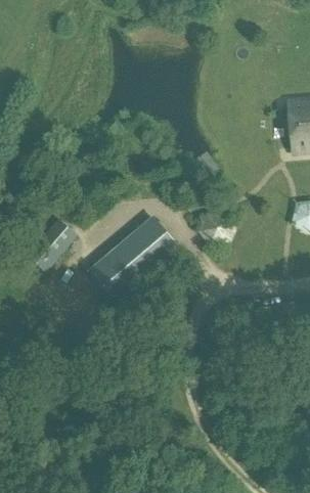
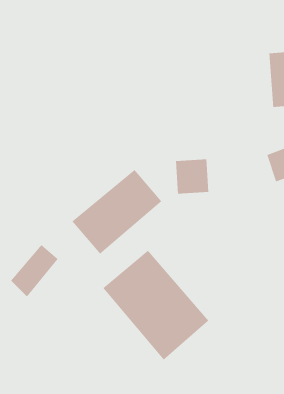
building: [28,219,77,273] -> [10,244,58,297]
building: none -> [103,250,209,360]

